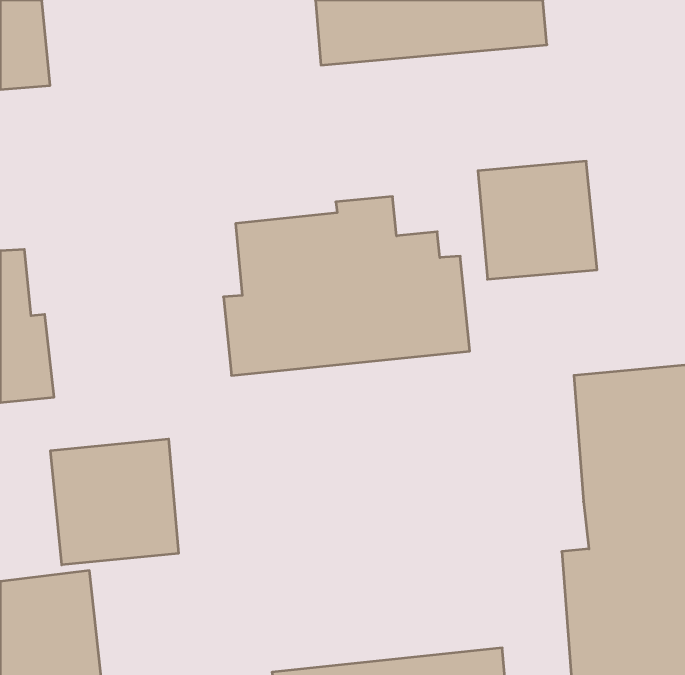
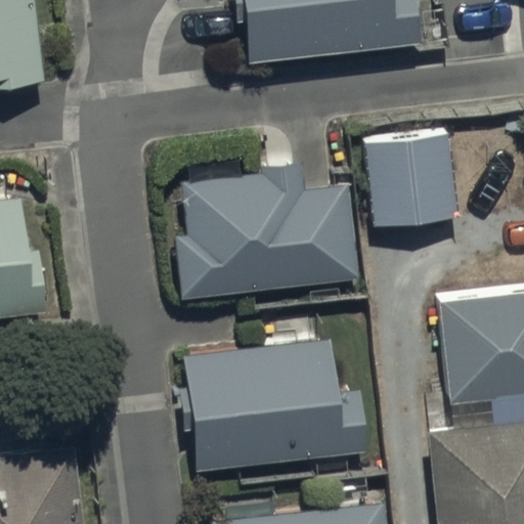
building: none -> [185,342,365,472]
building: [51,439,178,565] -> none

